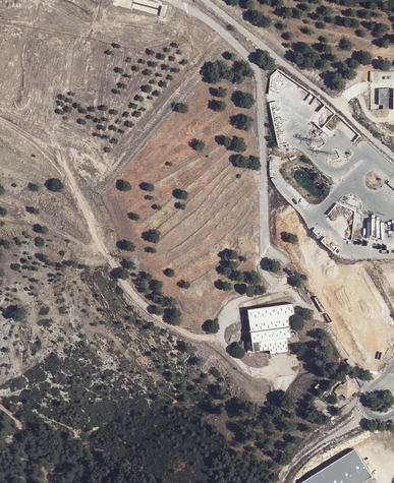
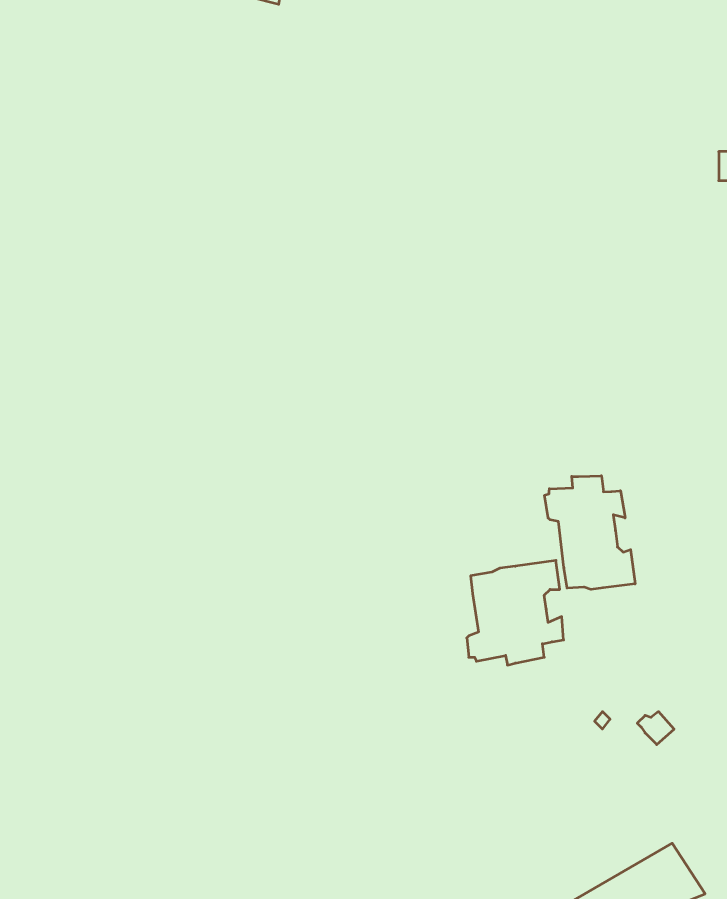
building: none -> [545,476,635,589]

